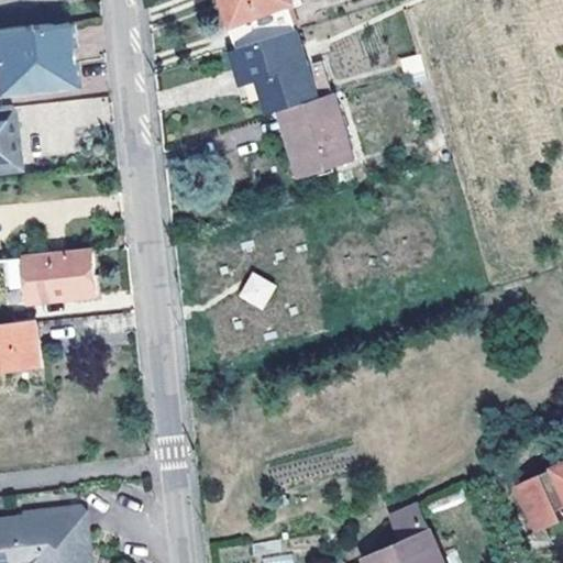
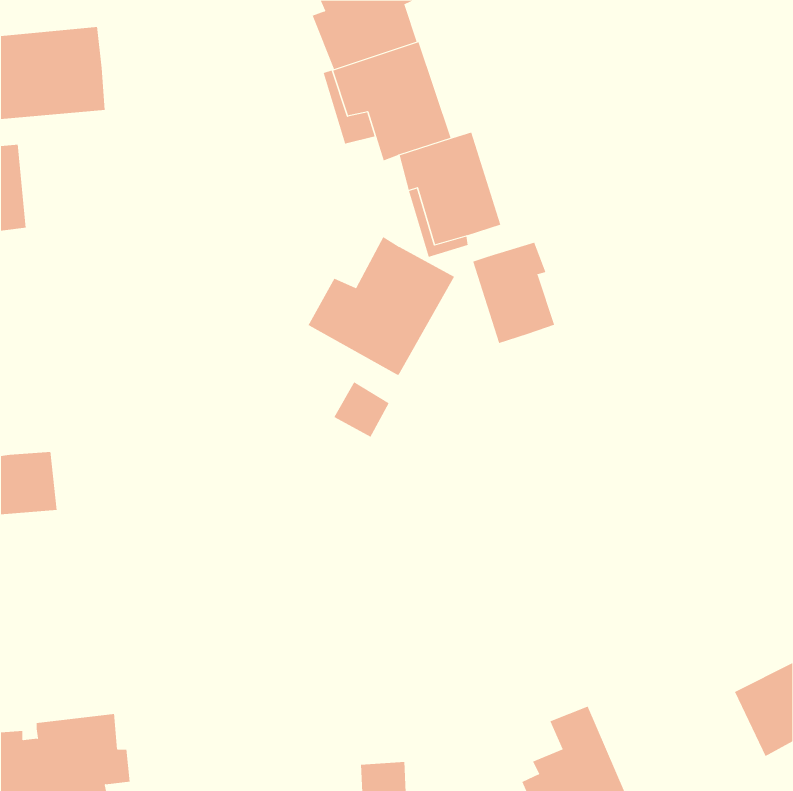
building: none -> [307,236,455,376]
building: none -> [473,242,555,344]
building: [5,249,97,301] -> none

